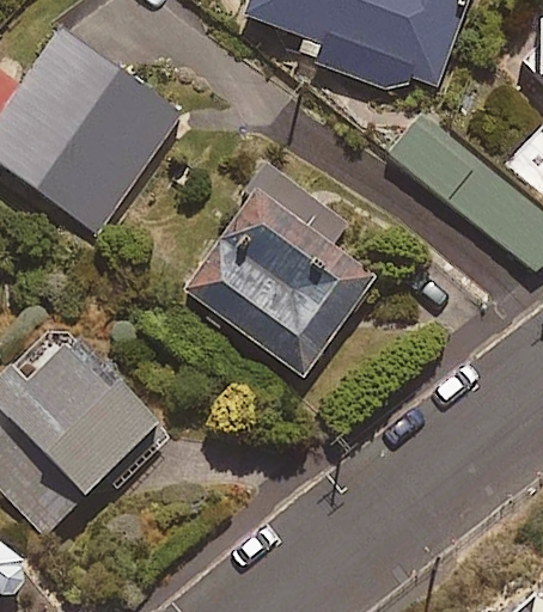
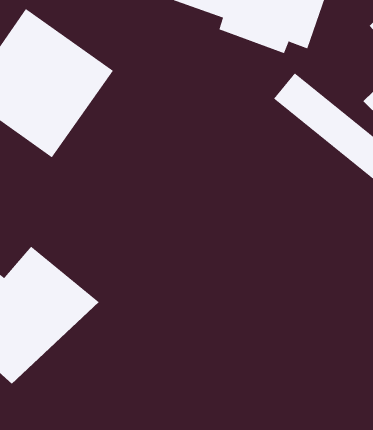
building: [176,163,373,379] -> none

